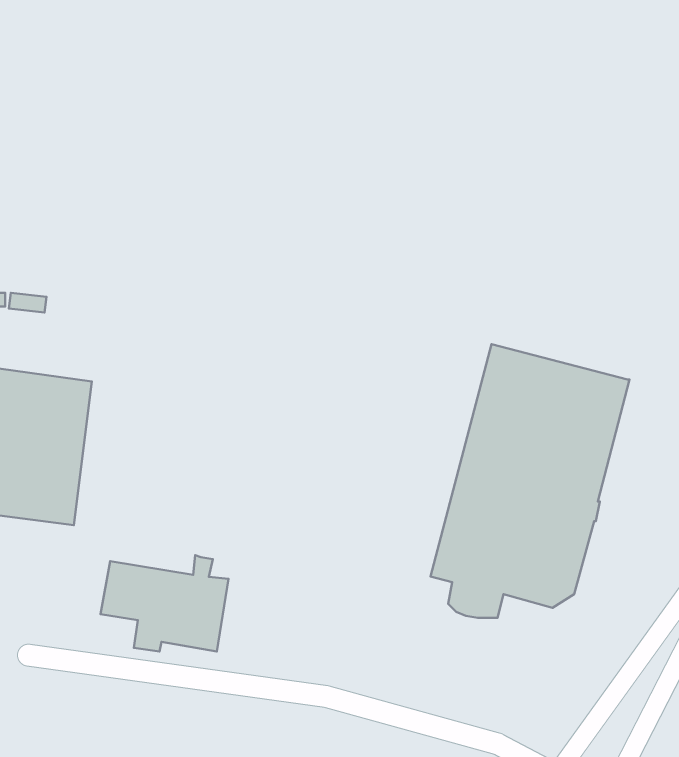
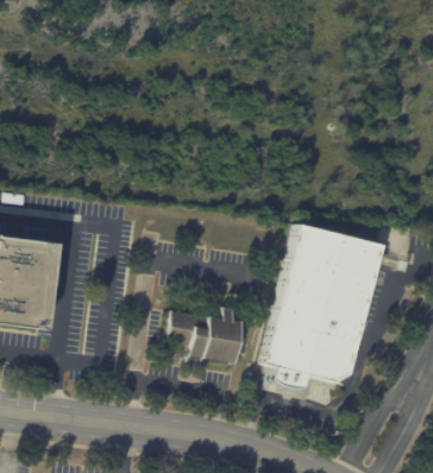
building: [100,555,229,652] -> [168,305,245,364]

